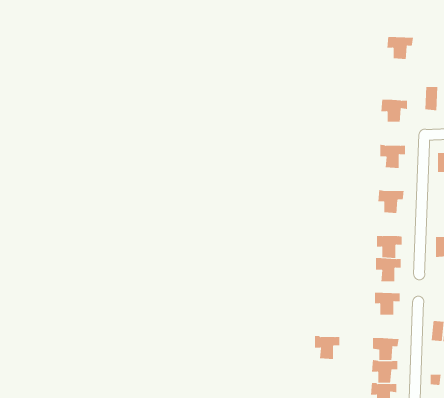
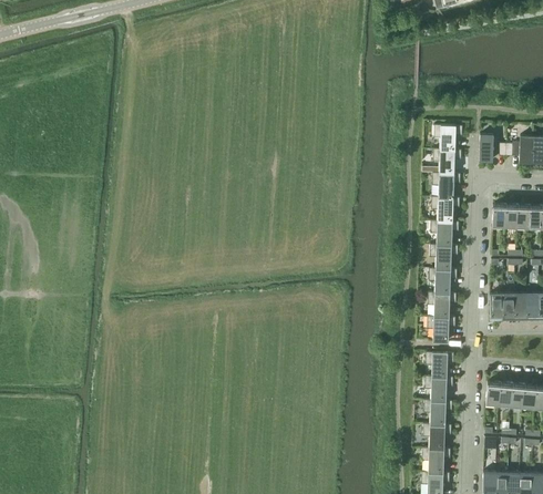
building: [386,37,414,60] -> [434,125,463,150]
building: none -> [433,173,461,197]
building: none -> [431,220,460,245]
building: none -> [429,268,458,292]
building: [314,335,340,360] -> [426,375,453,401]

